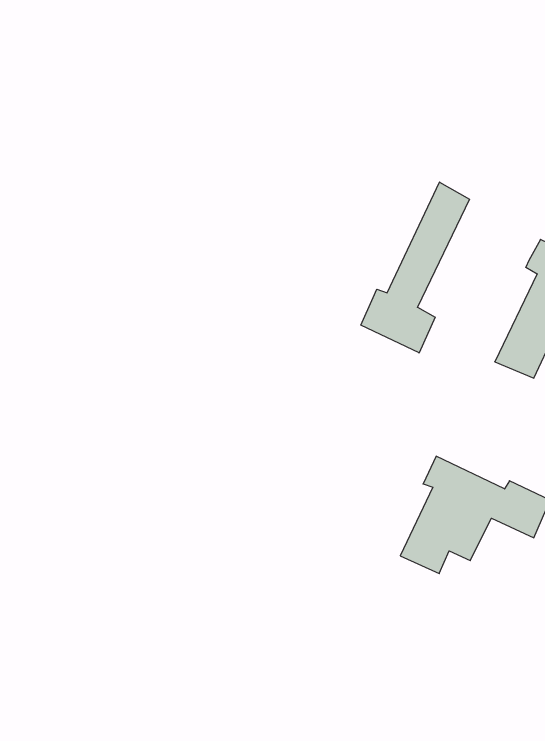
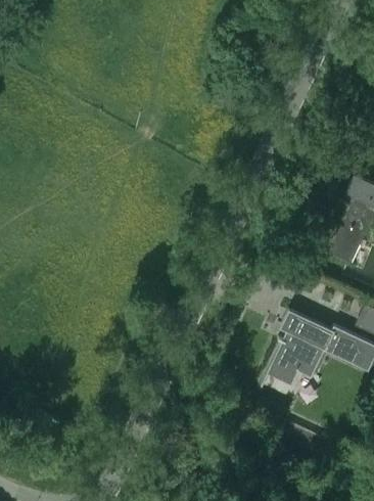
building: [361,182,469,353] -> none

